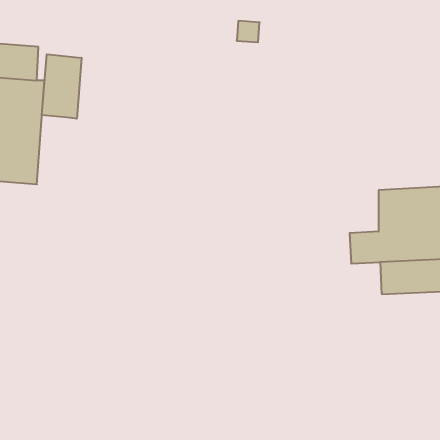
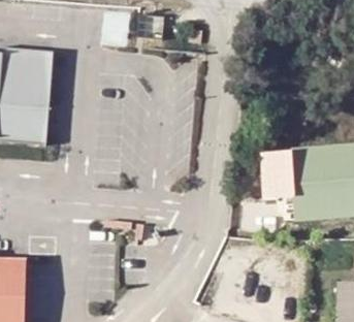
building: [42,54,82,119] -> none

